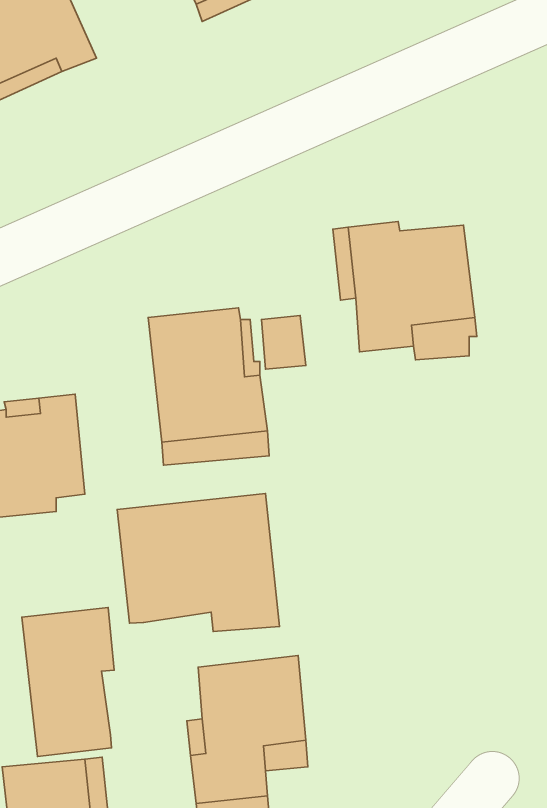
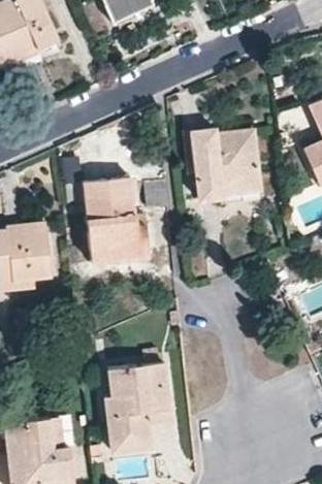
building: [117,494,280,632] -> none
building: [22,608,114,756] -> none

